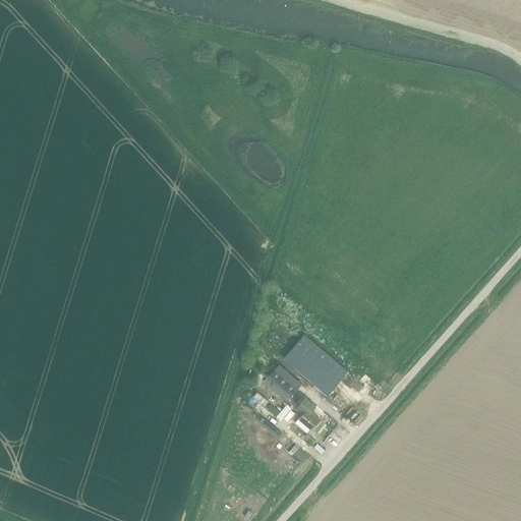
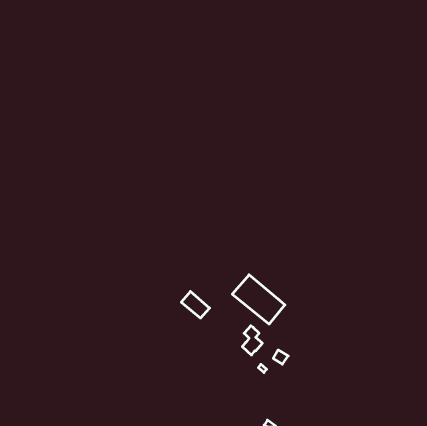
building: [268,364,302,397] -> [181,291,210,318]

